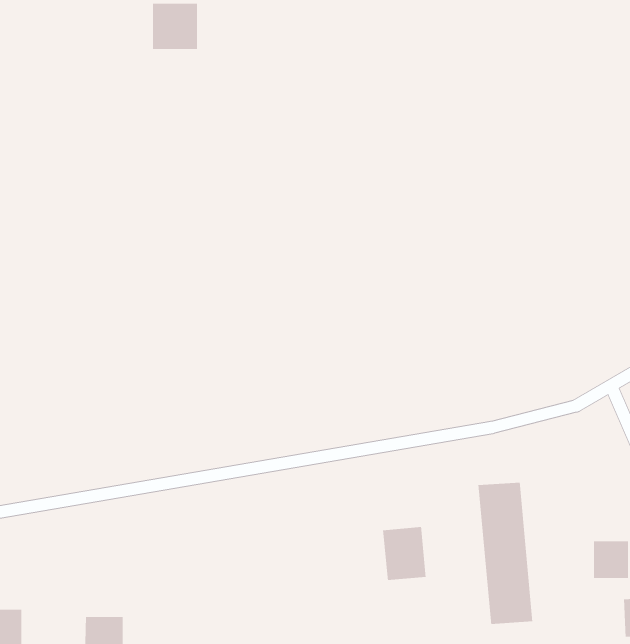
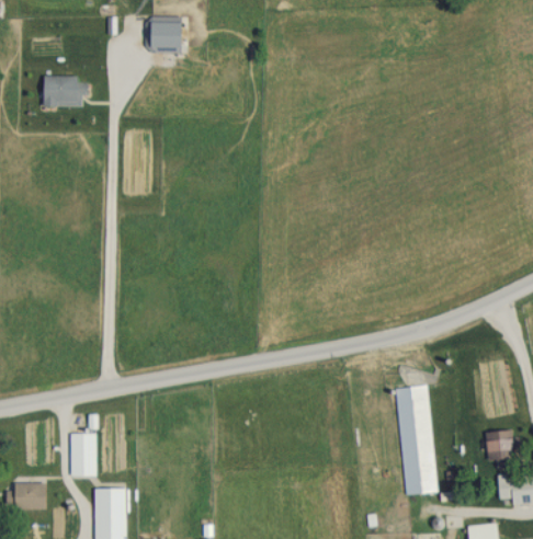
building: none -> [41,77,82,106]
building: [382,526,426,581] -> none
building: none -> [70,433,95,475]

